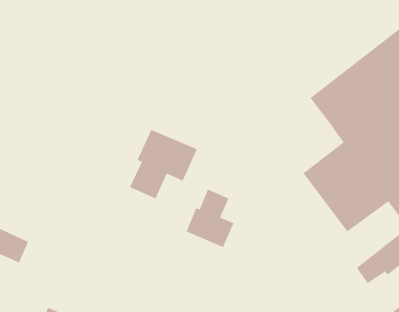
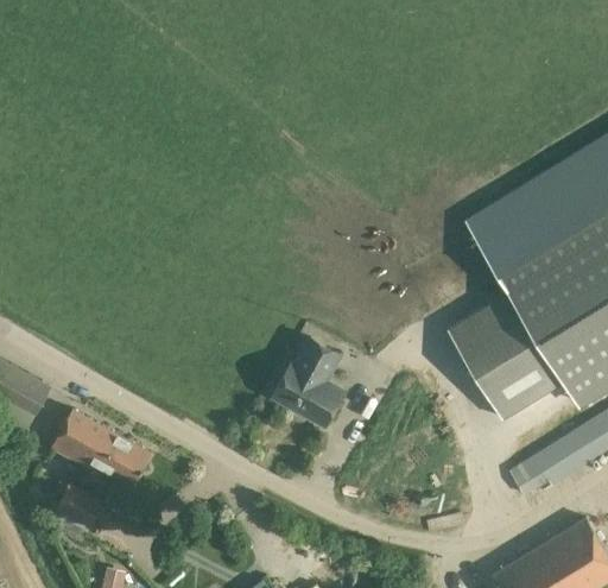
building: [129,129,198,199] -> none
building: none -> [52,410,151,485]

